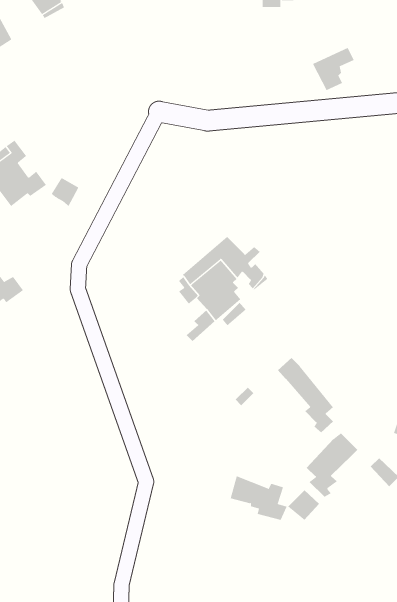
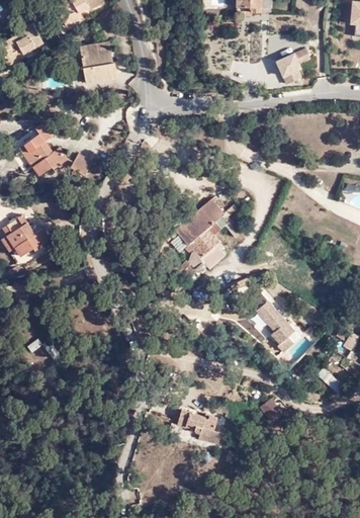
building: none -> [82,40,115,82]
building: [306,433,358,497] -> none
building: [230,475,288,520] -> [176,409,221,444]

